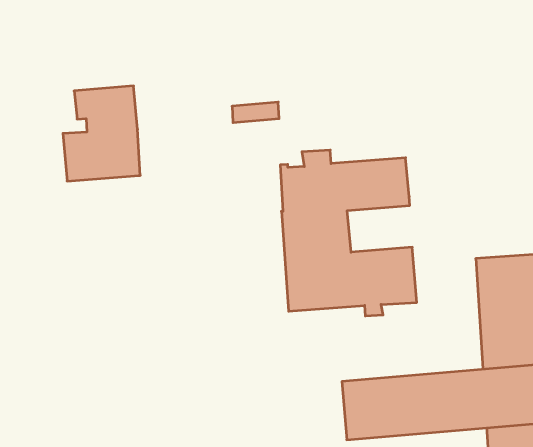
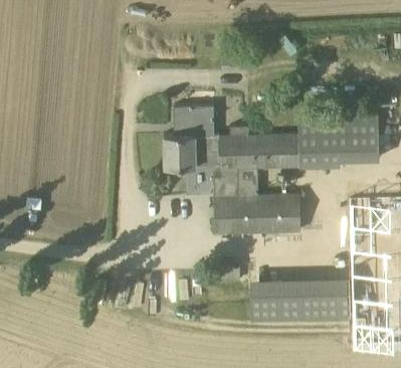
building: [63,86,140,181] -> [166,106,216,167]
building: none -> [299,114,381,167]

